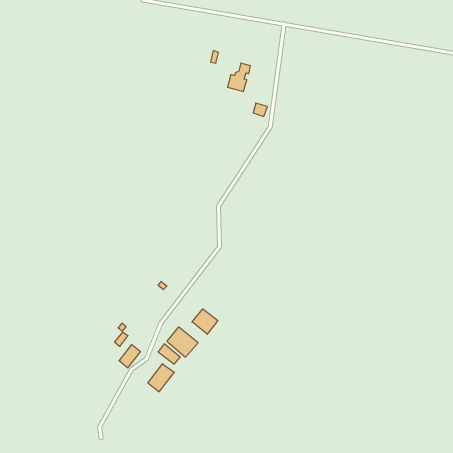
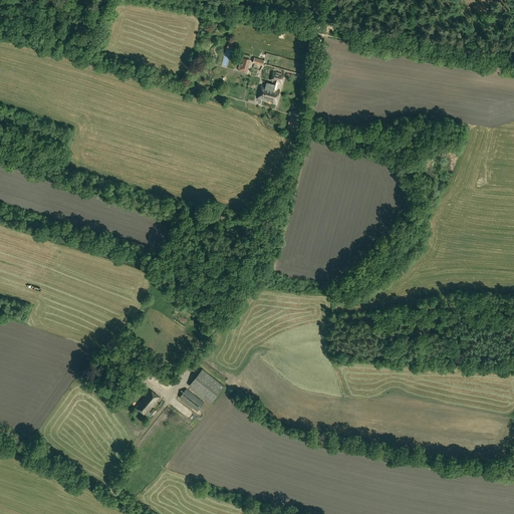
building: [192,309,218,334] -> none
building: [148,364,174,392] -> none

